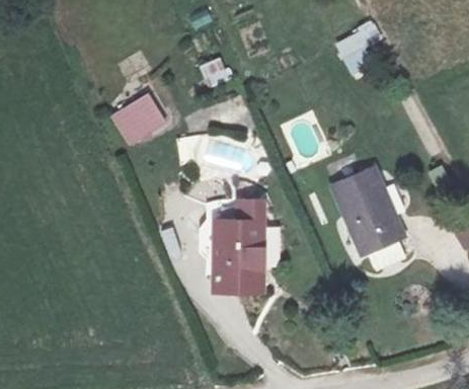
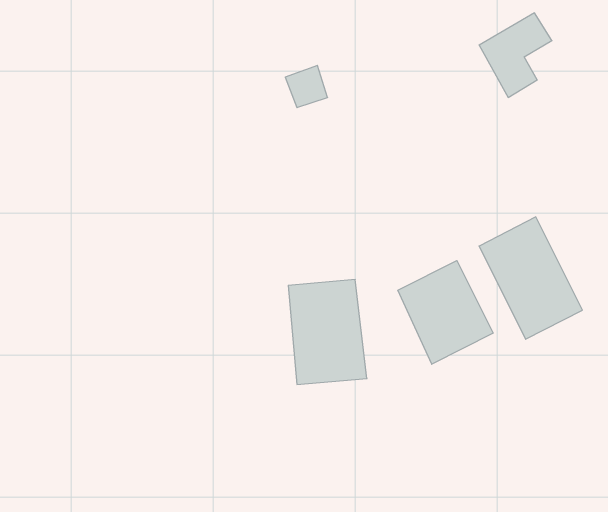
building: [113,94,170,148] -> none
building: none -> [398,261,493,364]

